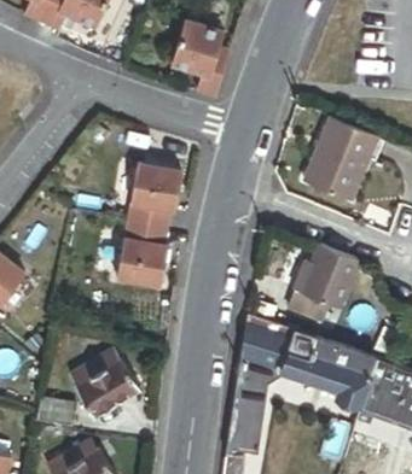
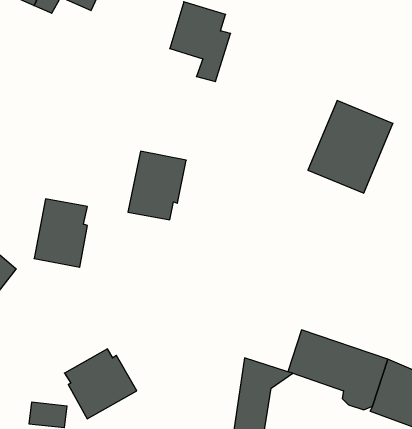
building: [118,221,169,286] -> [34,199,87,267]
building: [291,242,364,310] -> none
building: [240,316,295,373] -> none

